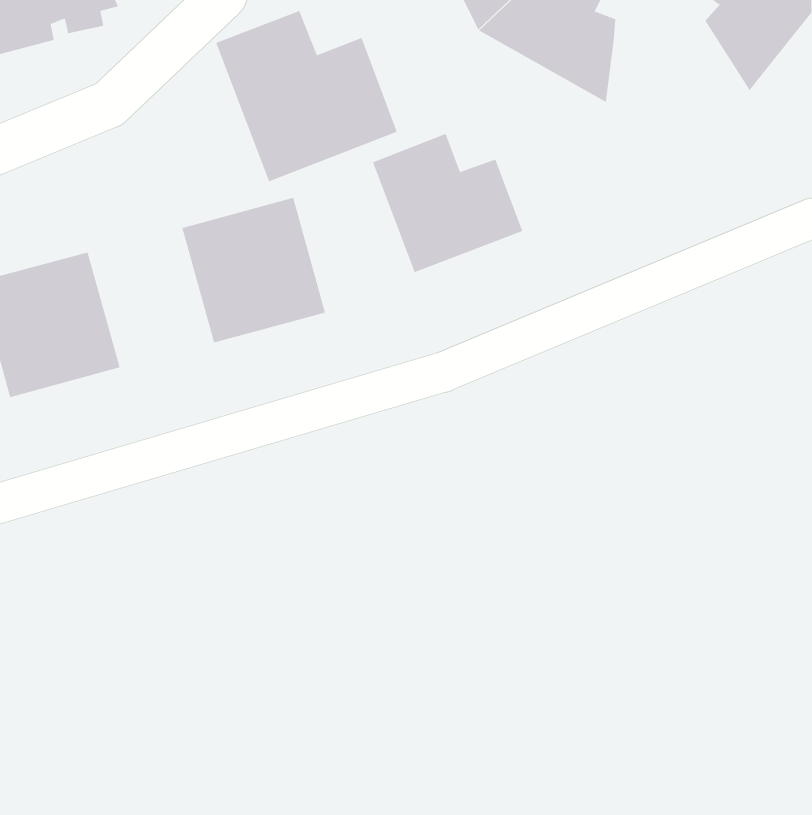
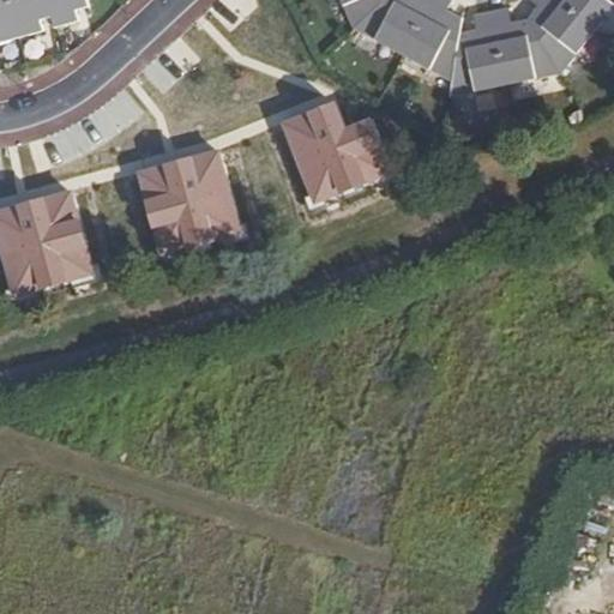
building: none -> [452,5,560,92]
building: [216,10,397,182] -> none

